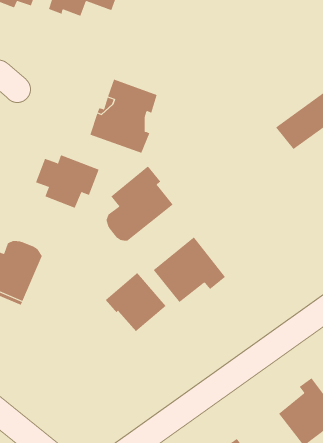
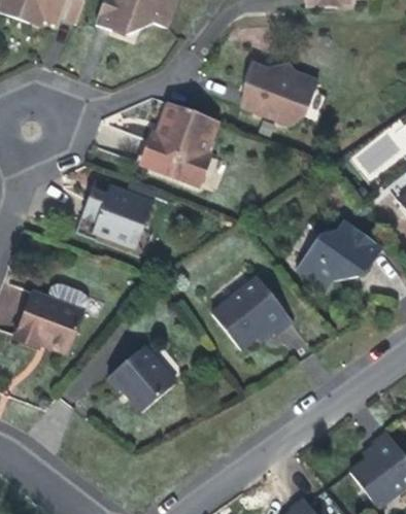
building: none -> [241,64,320,126]
building: [106,165,173,242] -> none
building: none -> [298,221,383,292]
building: [105,272,167,332] -> [107,346,175,412]

